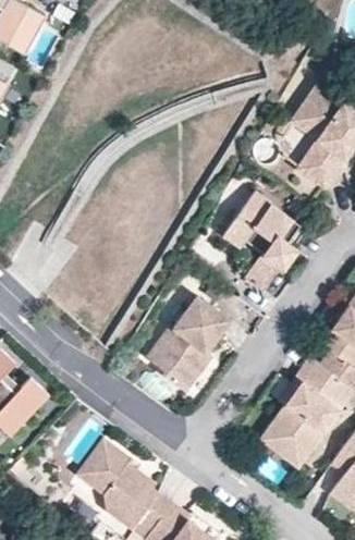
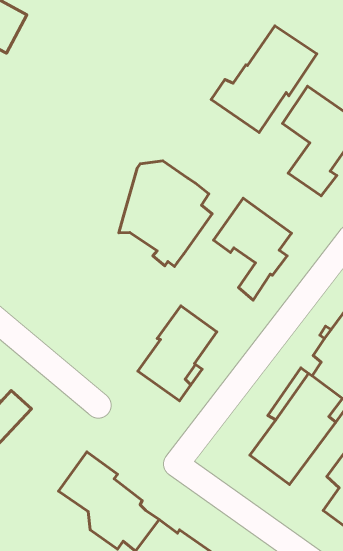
building: none -> [211,26,317,132]
building: none -> [119,161,212,266]

